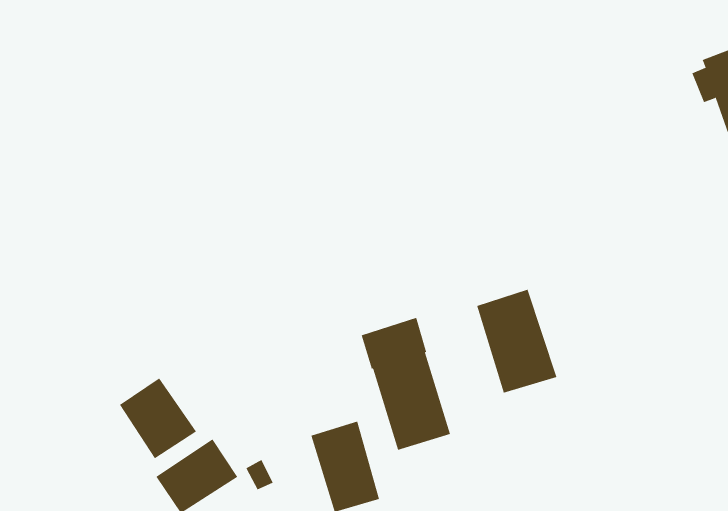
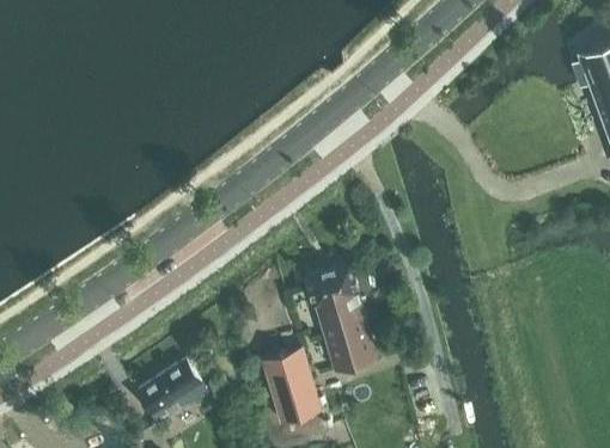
building: [477,289,557,394] -> none
building: [119,377,197,459] -> none

